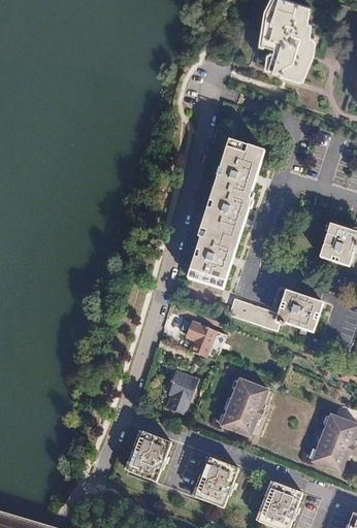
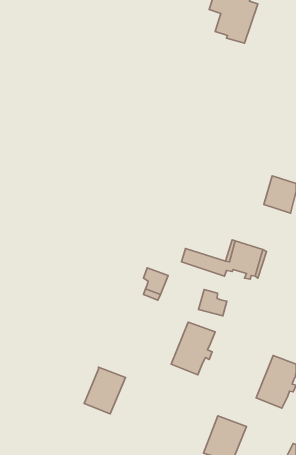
building: [188,139,264,287] -> none
building: none -> [198,290,227,316]
building: [166,369,196,410] -> none
building: [193,456,237,504] -> none

